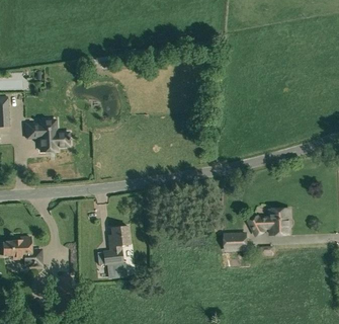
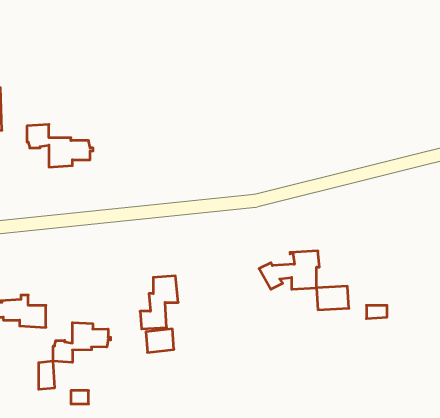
building: [248,207,289,233] -> [259,251,319,289]
building: none -> [53,323,111,362]

